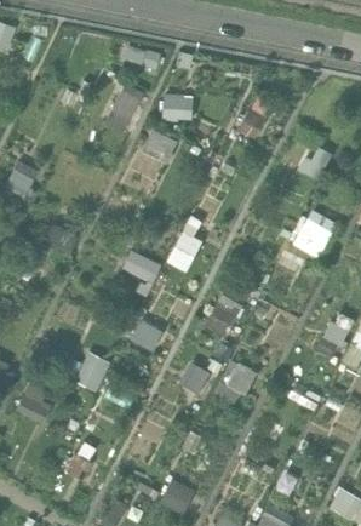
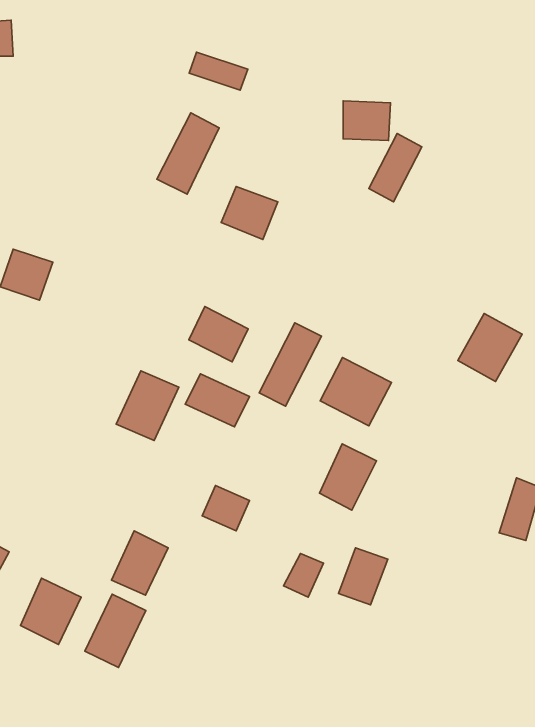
building: [162,95,193,120] -> [343,101,390,141]
building: none -> [189,307,248,362]
building: none -> [320,358,391,426]
building: none -> [116,371,179,440]
building: none -> [85,594,146,668]

